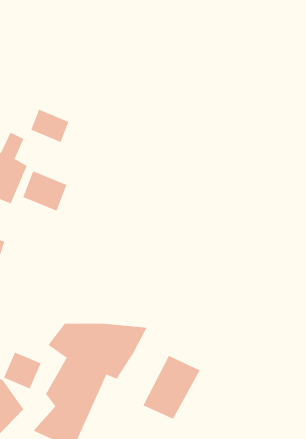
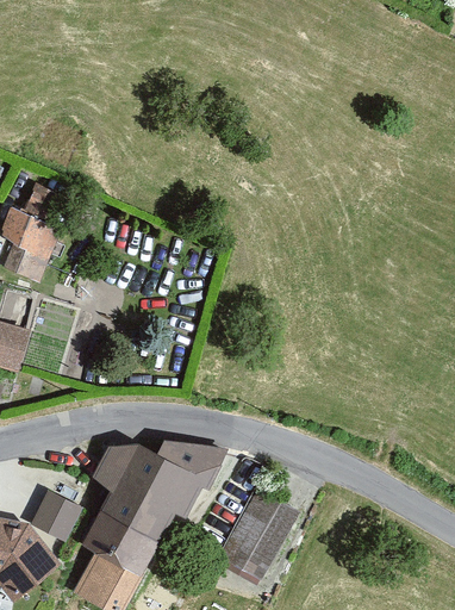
building: [31,109,69,143] -> none
building: [22,171,67,211] -> none

